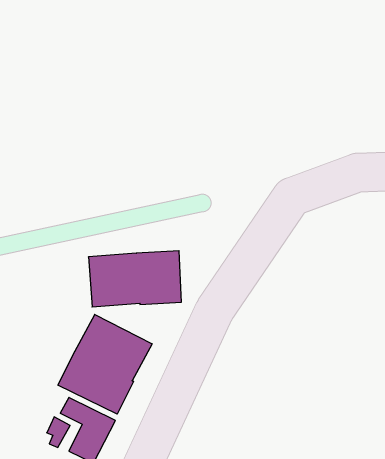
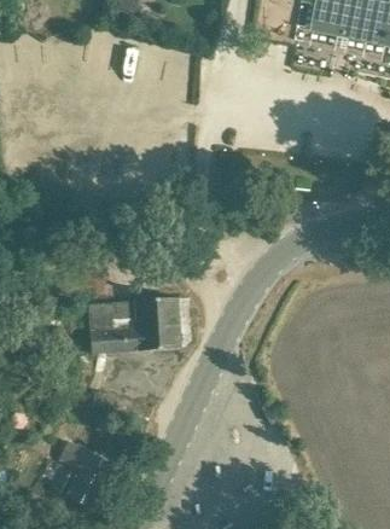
building: [58,314,152,414] -> none

